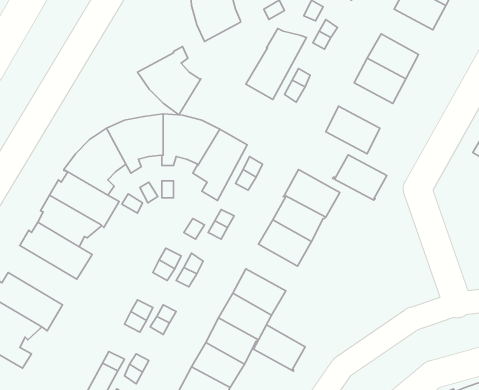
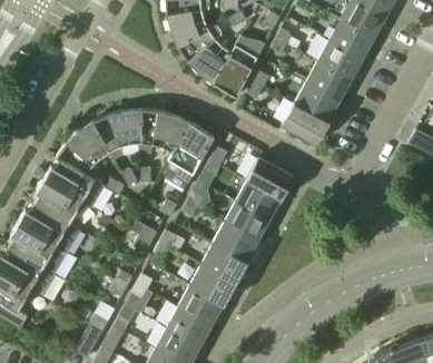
building: none -> [329,19,374,58]
building: [137,46,201,115] -> [177,24,232,84]
building: [333,155,387,200] -> [293,82,339,121]
building: none -> [8,223,67,274]
building: [254,325,305,371] -> [213,222,257,262]

